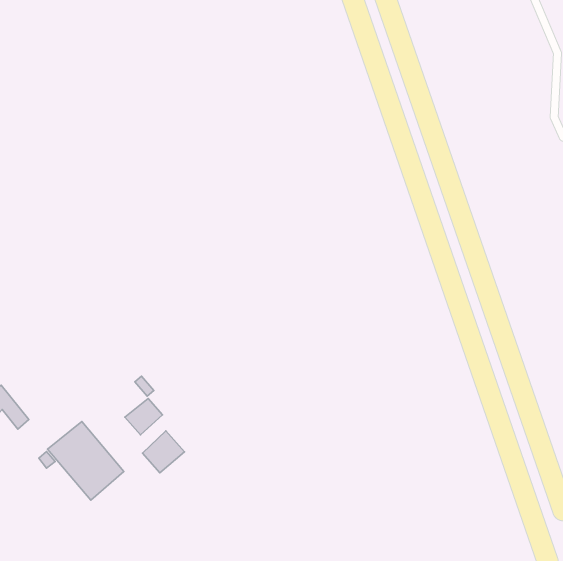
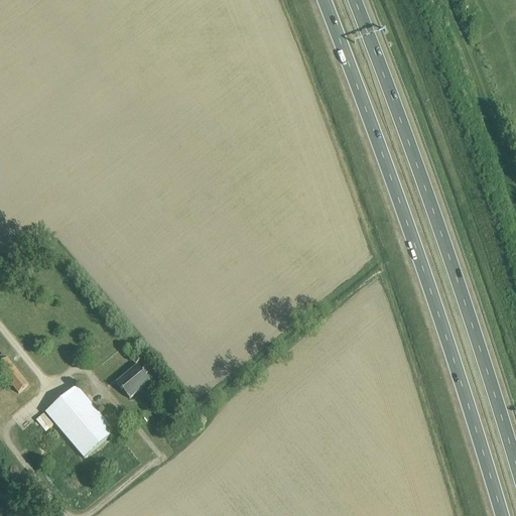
building: [142,431,184,473] -> none

